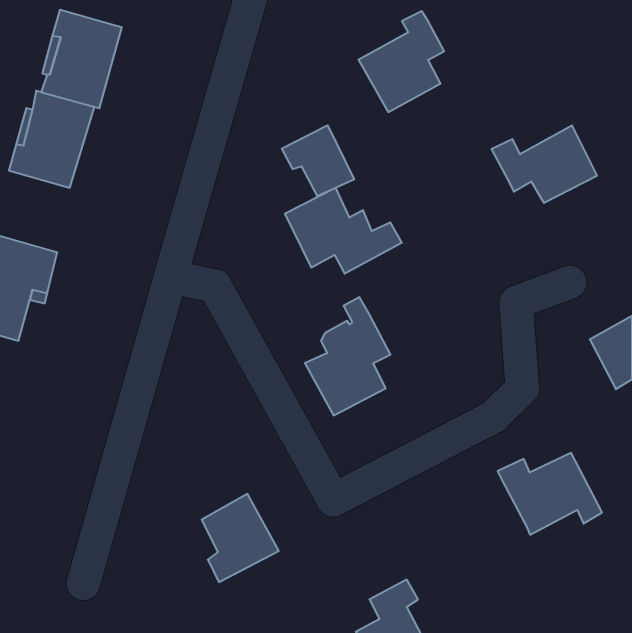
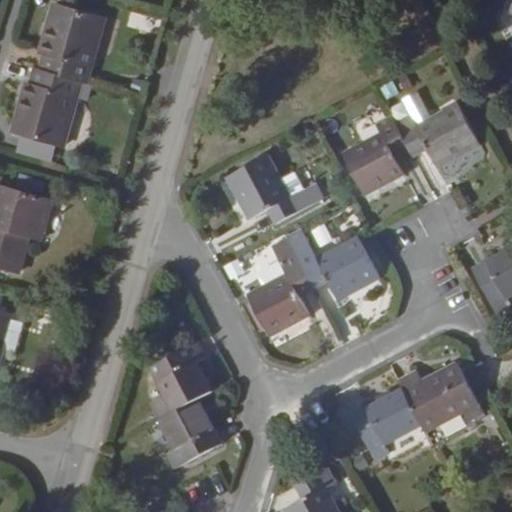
building: [358,11,444,112] -> [339,114,408,195]
building: [282,125,354,196] -> none
building: none -> [297,235,380,298]
building: none -> [152,339,215,420]
building: none -> [353,389,424,453]

